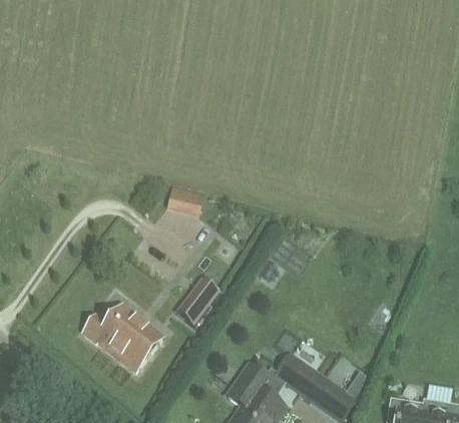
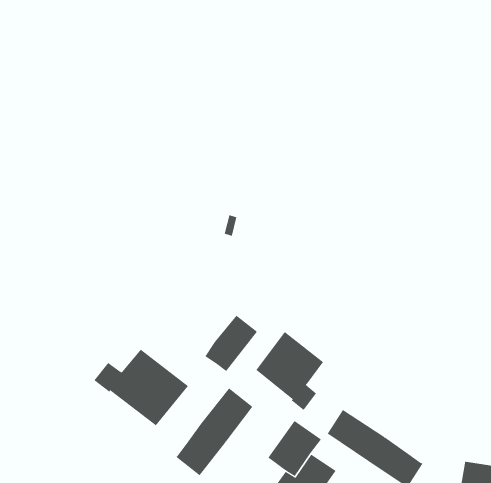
building: none -> [255,331,324,411]
building: none -> [175,387,253,476]

